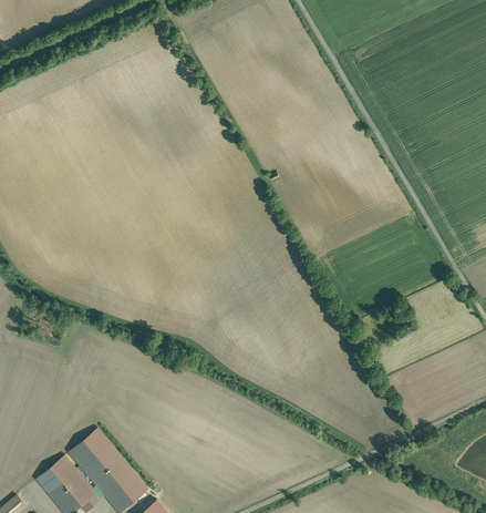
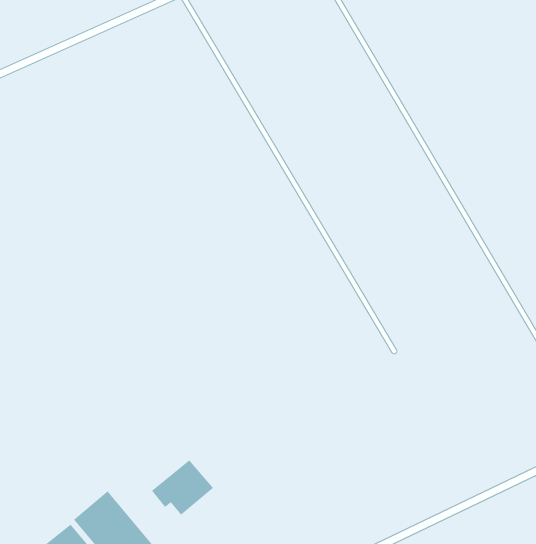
building: none -> [151,459,214,515]

